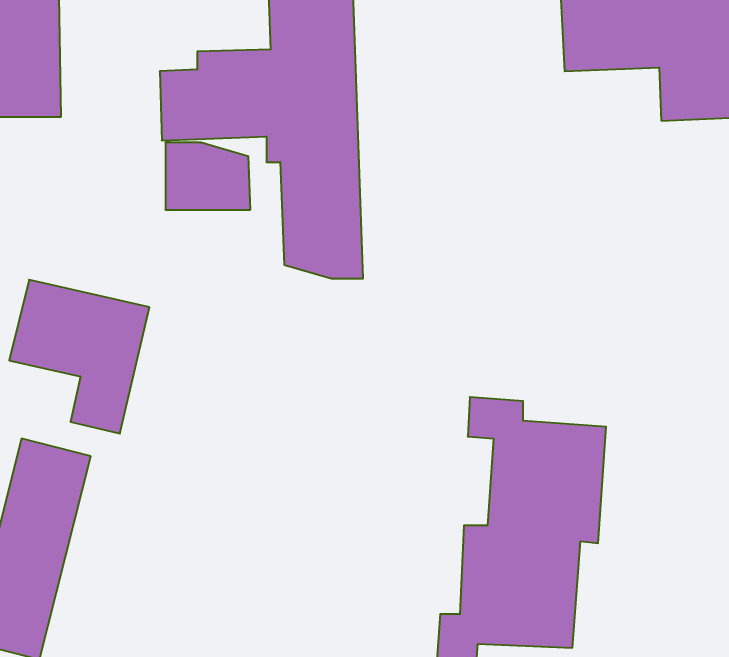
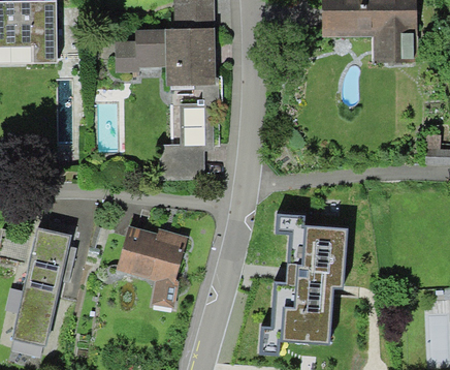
building: [165,143,250,210] -> [158,141,202,176]
building: [9,280,149,434] -> [117,226,190,307]

